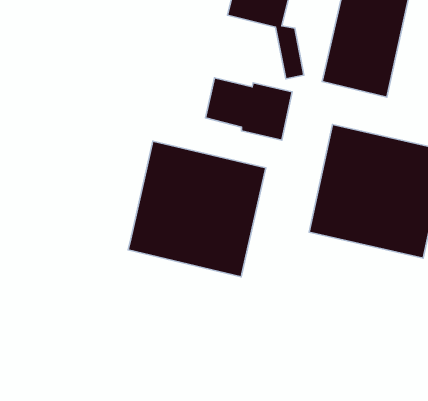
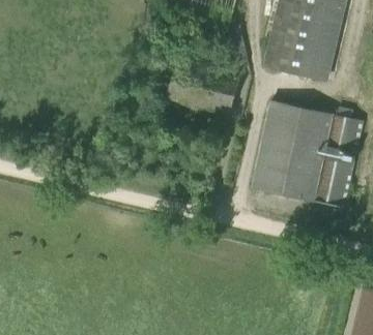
building: [128,141,266,277] -> none

